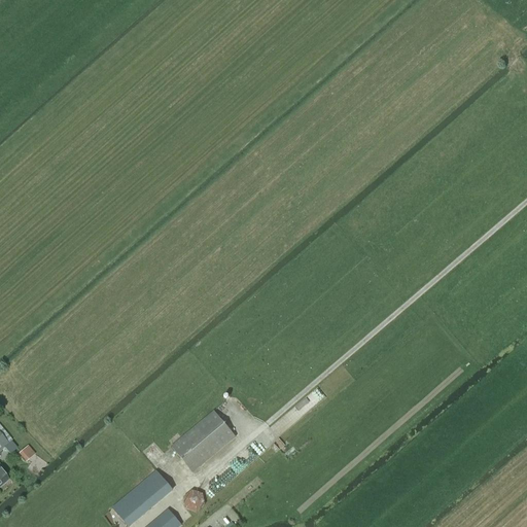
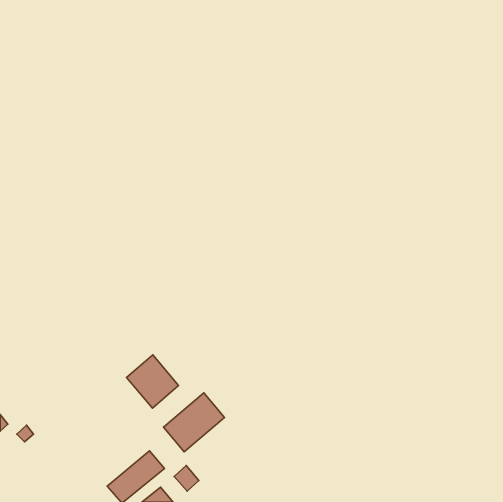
building: none -> [126,355,179,408]

